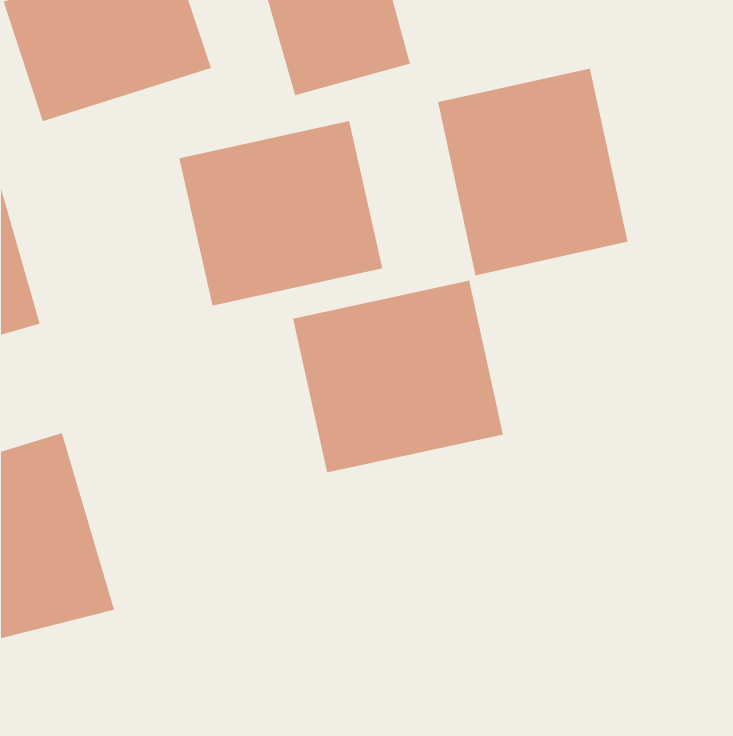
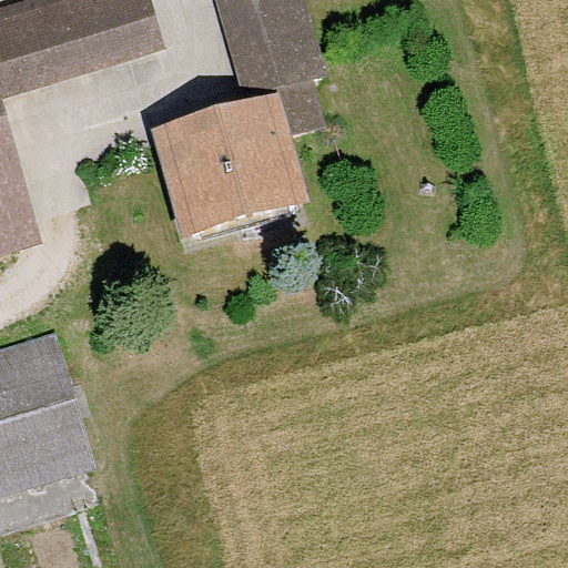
building: [437,68,628,276] -> none
building: [293,280,504,473] -> none

